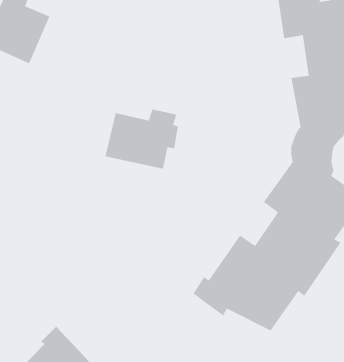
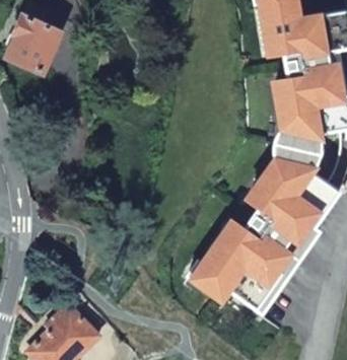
building: [105,108,179,169] -> none

